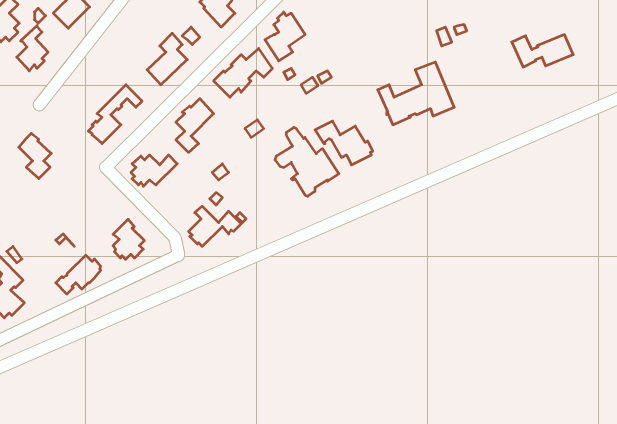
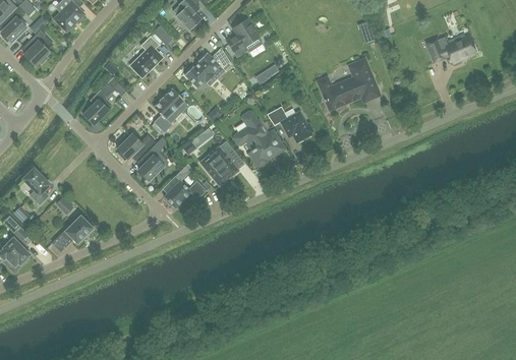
building: [19,133,51,179] -> [23,167,50,203]
building: none -> [199,140,243,185]
building: [113,219,144,259] -> [138,147,164,180]

